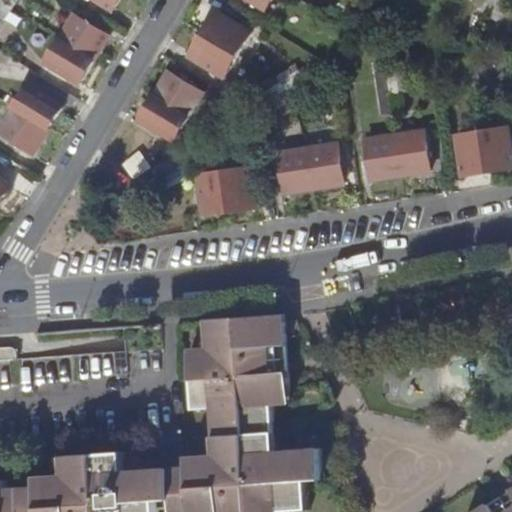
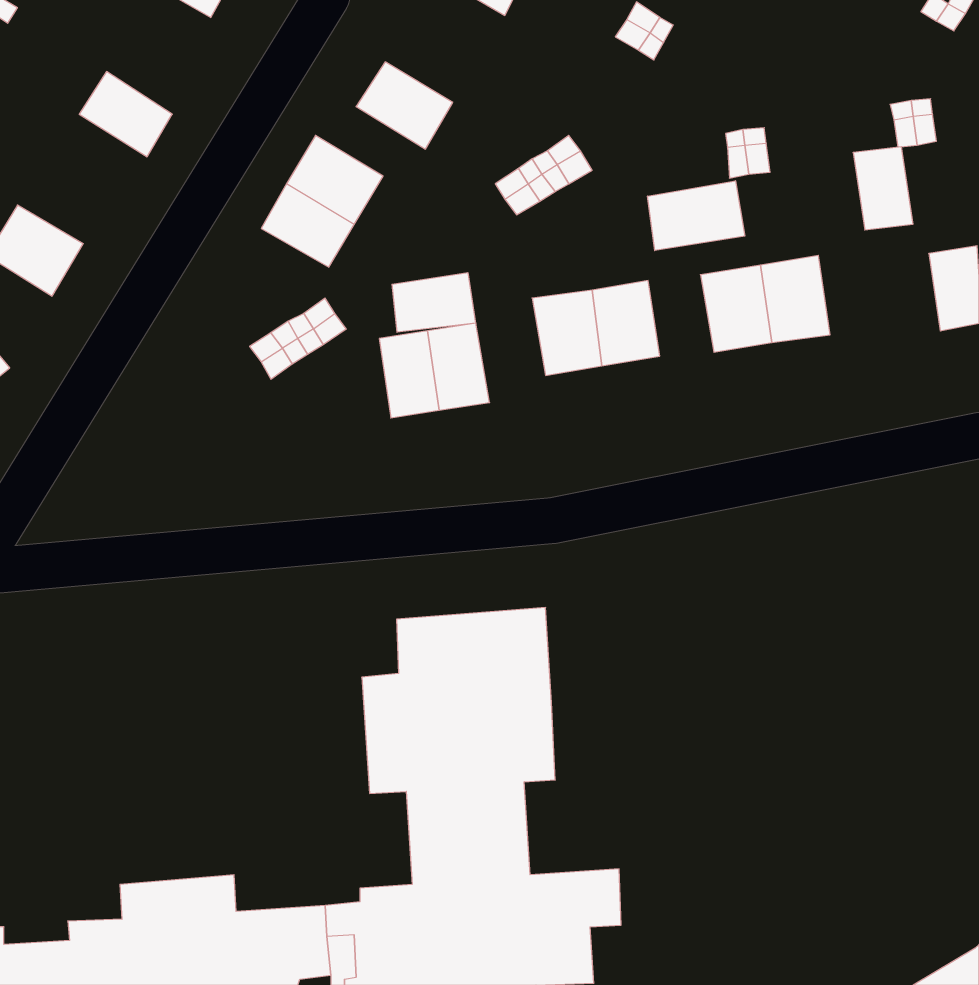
building: [199,12,246,53] -> none
building: [55,13,104,59] -> none
building: [9,84,56,126] -> none
building: none -> [648,181,745,251]
building: [455,131,486,174] -> [853,147,913,230]
building: none -> [392,273,476,332]

